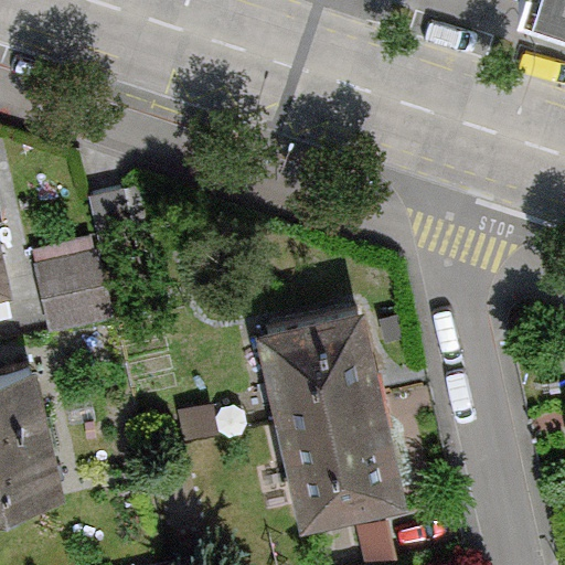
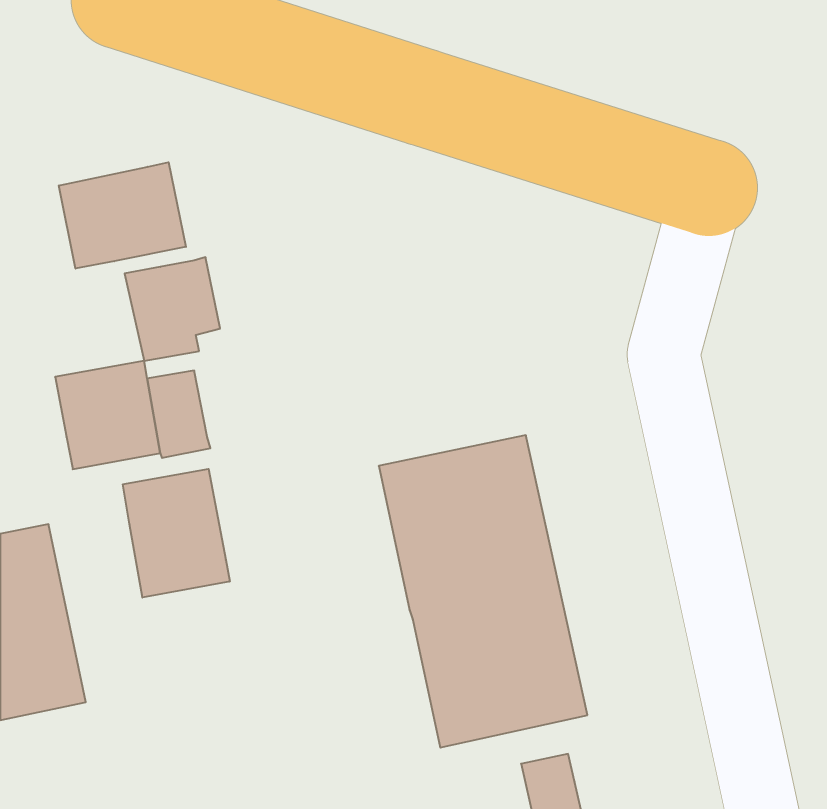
building: none -> [59,162,186,269]
building: none -> [123,469,230,598]

